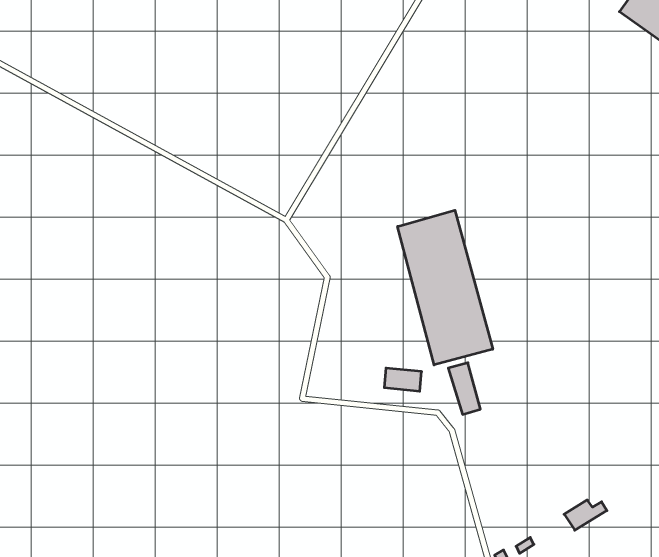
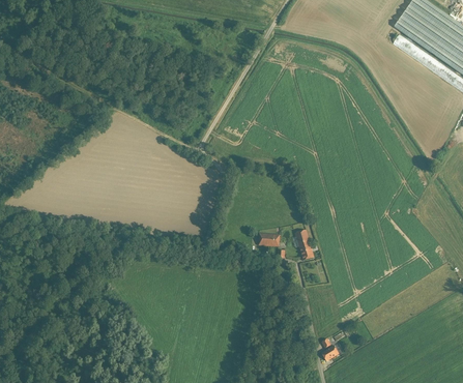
building: [398,210,493,365] -> none

